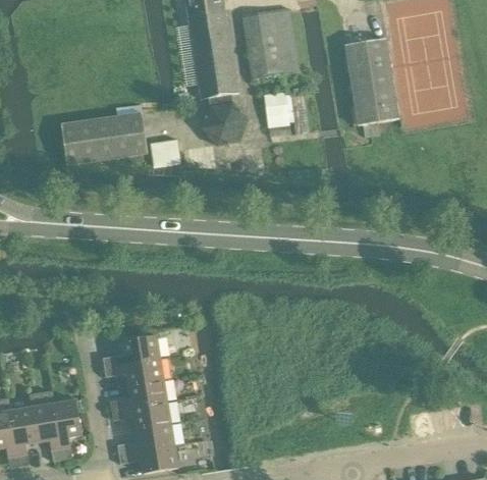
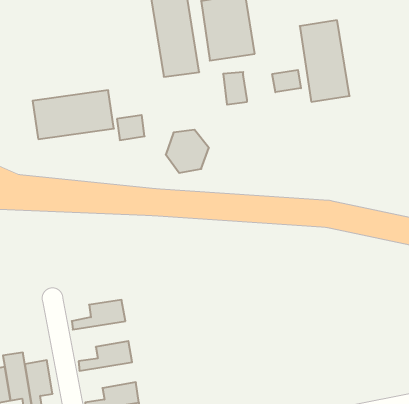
building: none -> [272,70,301,92]
building: [203,101,249,147] -> [166,130,209,173]
building: [104,359,163,386] -> none
building: [111,403,171,430] -> none

